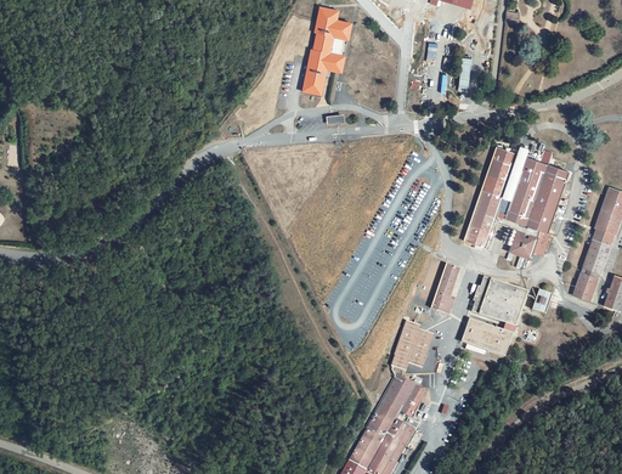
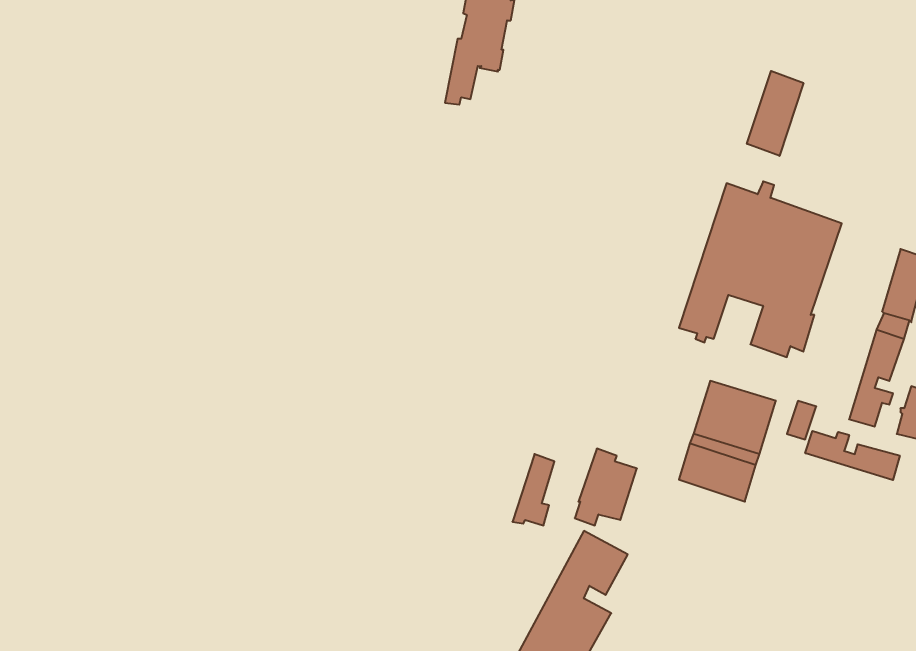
building: none -> [747,71,803,156]
building: [428,270,456,317] -> [512,454,554,525]
building: none -> [805,431,900,480]

